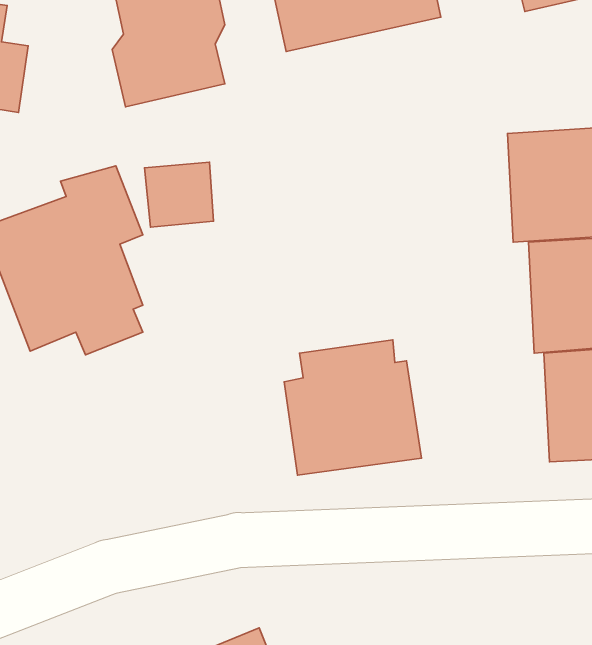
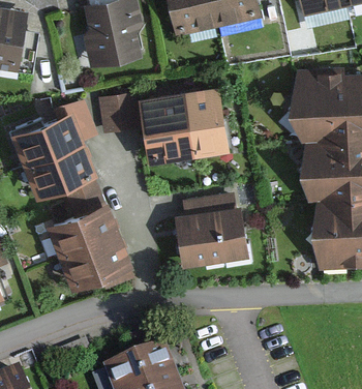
building: none -> [140,85,229,161]
building: none -> [48,187,134,289]

